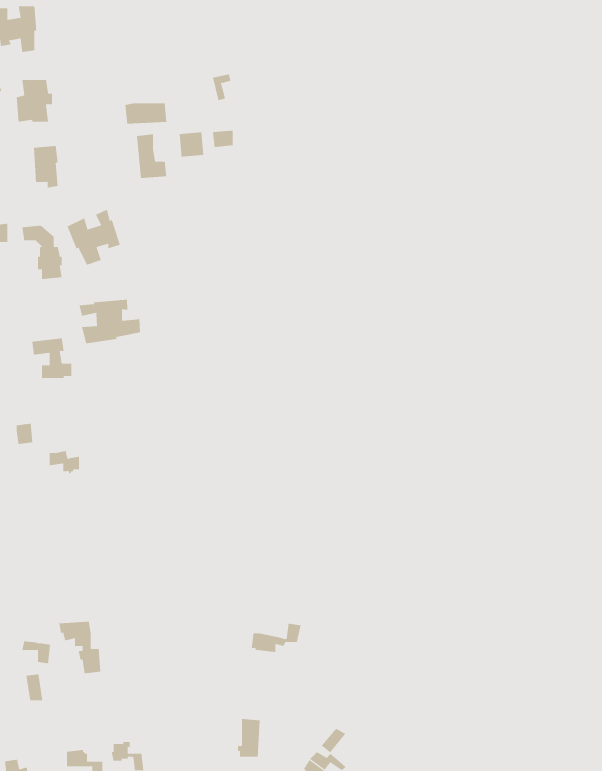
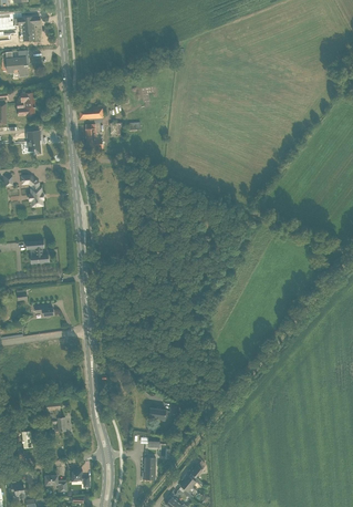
building: [67,209,120,265] -> none
building: [79,299,141,344] -> none

